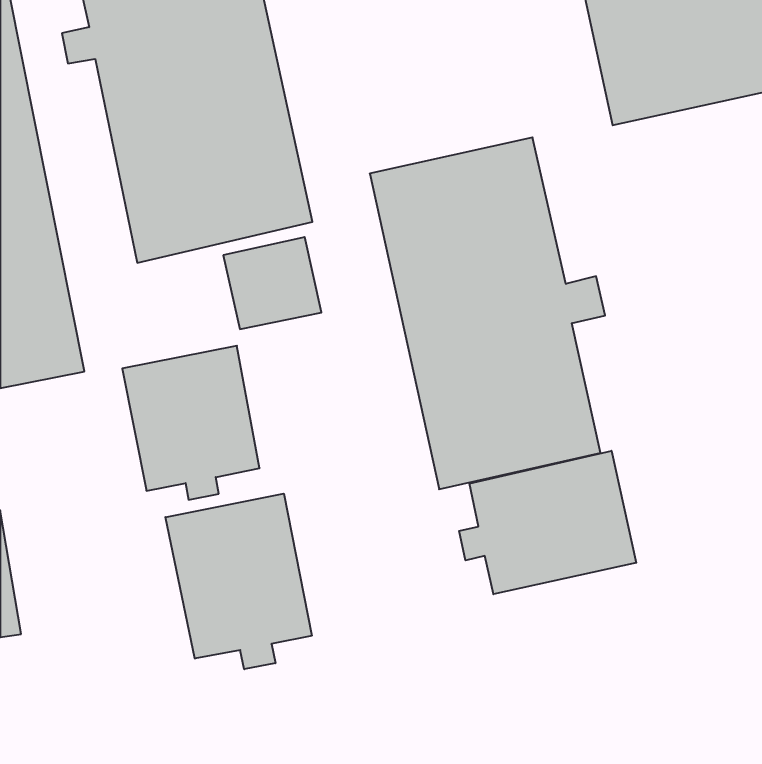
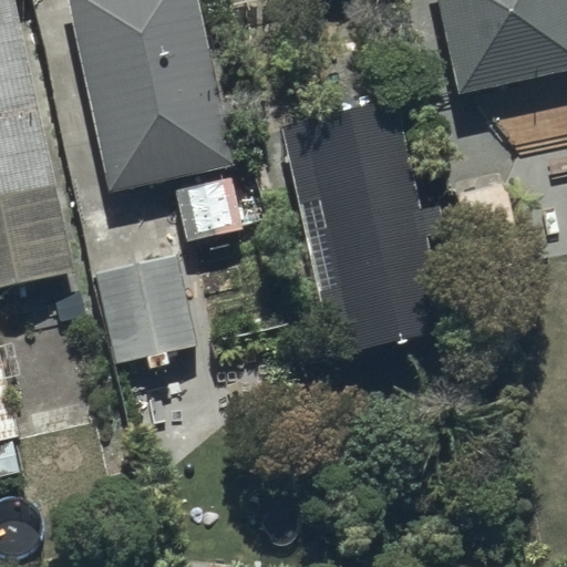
building: [459,451,636,594] -> none
building: [165,494,312,669] -> none

